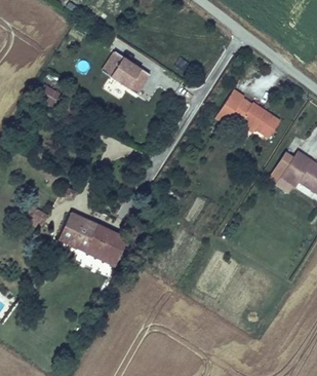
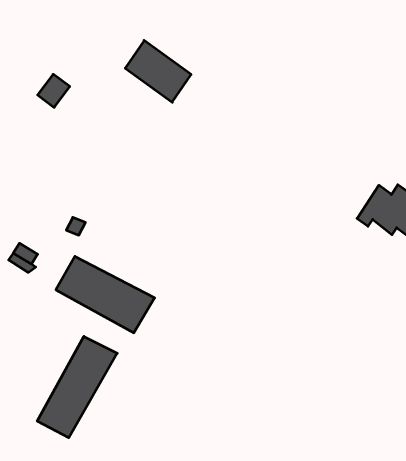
building: [216,89,282,138] -> none
building: none -> [37,336,117,438]

